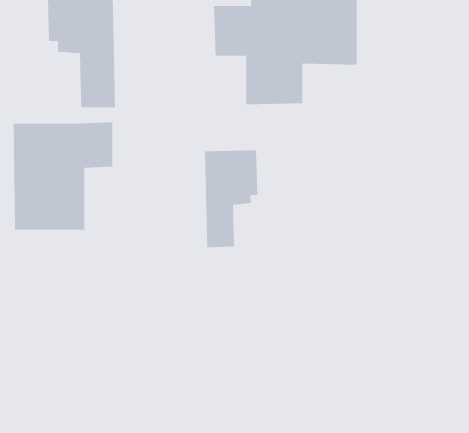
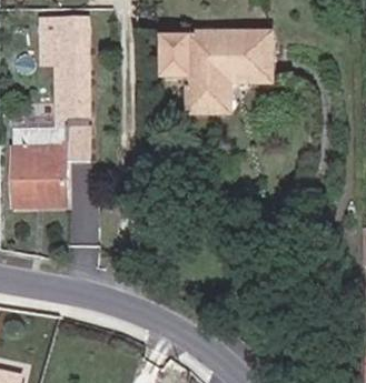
building: [204,149,258,248] -> none

